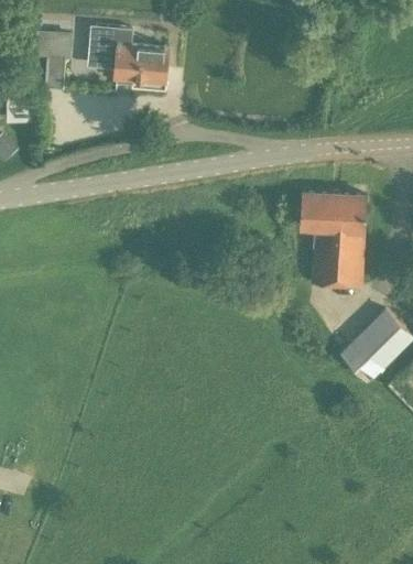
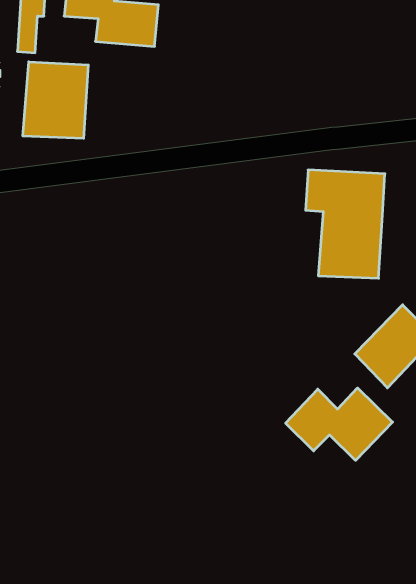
building: none -> [23,62,88,138]
building: none -> [286,388,393,460]

